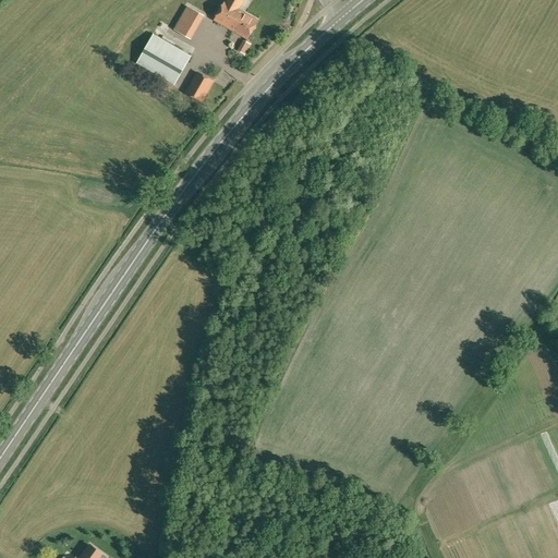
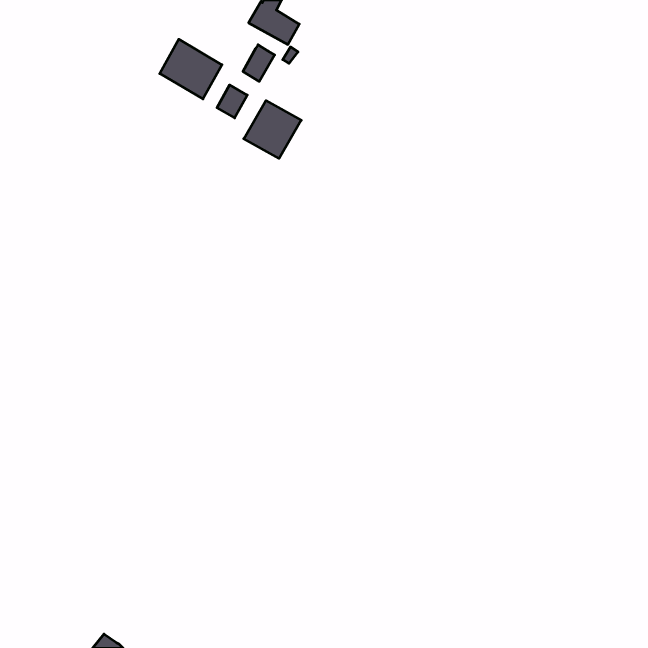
building: [175,7,203,38] -> [243,45,275,81]
building: none -> [244,101,301,158]

